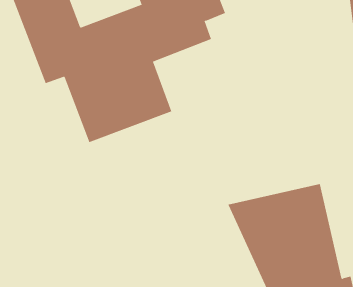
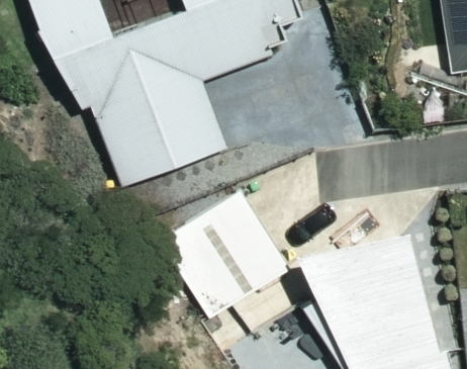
building: none -> [167,194,287,314]

